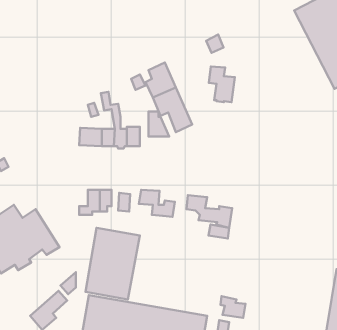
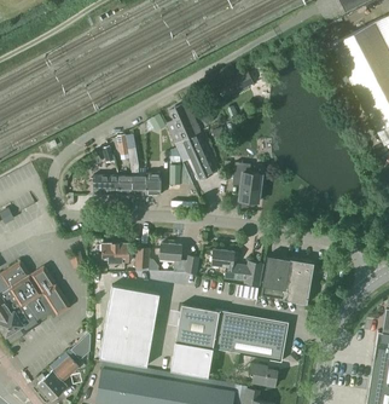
building: [209,66,235,102] -> [233,163,262,203]
building: none -> [262,256,314,304]
building: none -> [172,305,288,377]

